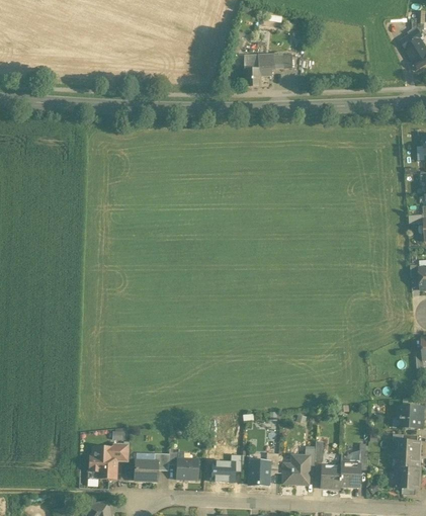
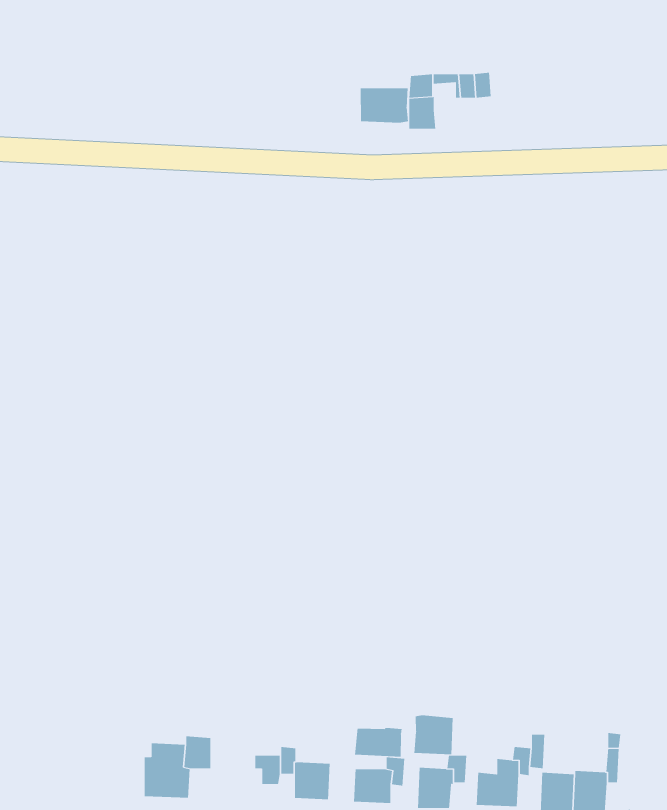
building: none -> [360,87,408,123]
building: none -> [414,715,453,755]
building: none -> [355,727,402,757]
building: [135,460,158,481] -> none

